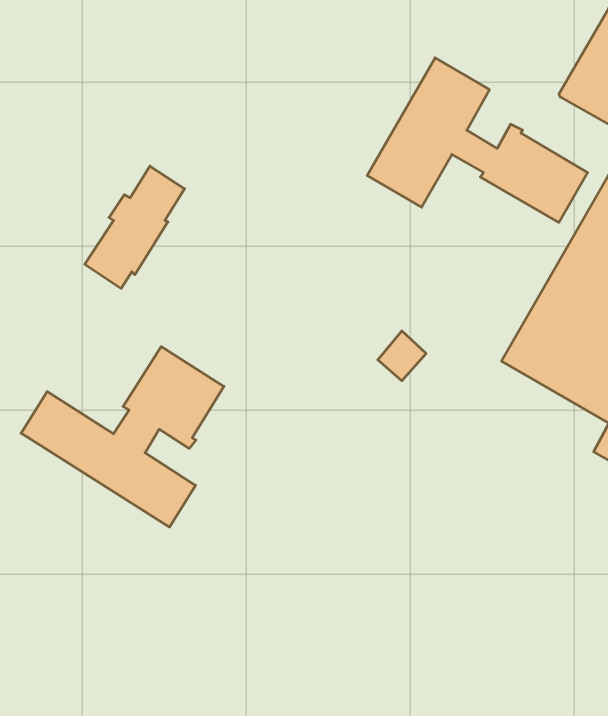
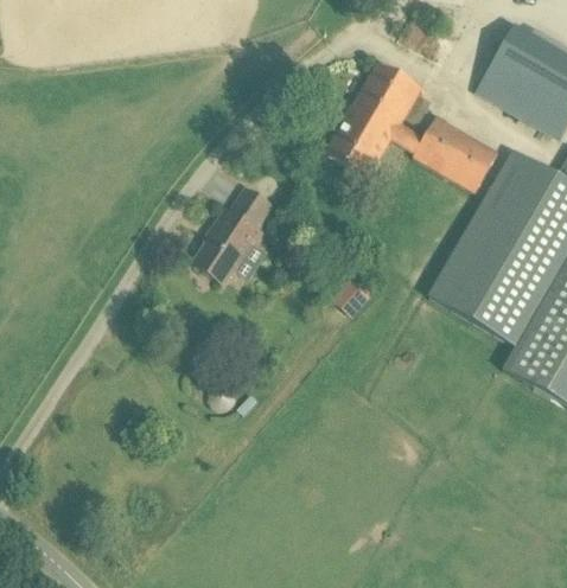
building: [85,166,185,288] -> [193,186,272,282]
building: [21,347,224,527] -> none

